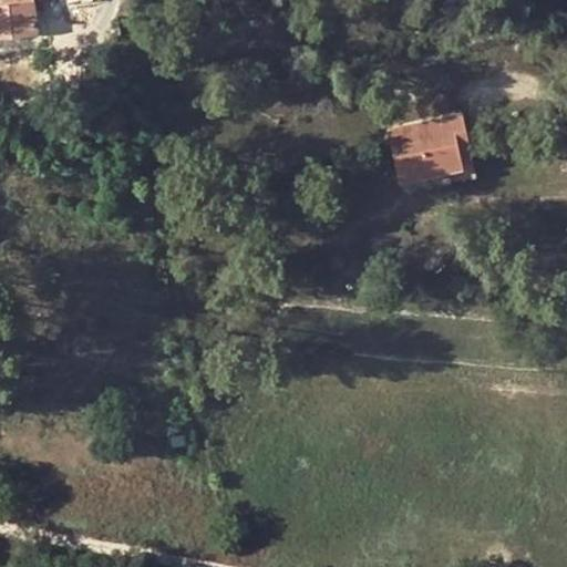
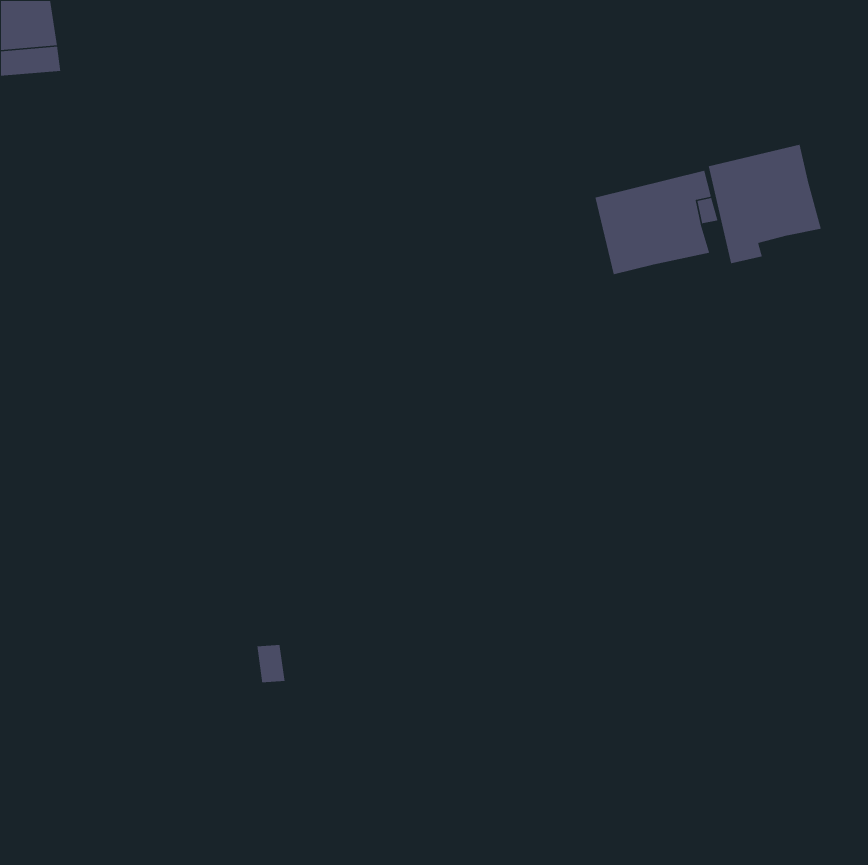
building: none -> [708,144,822,264]

